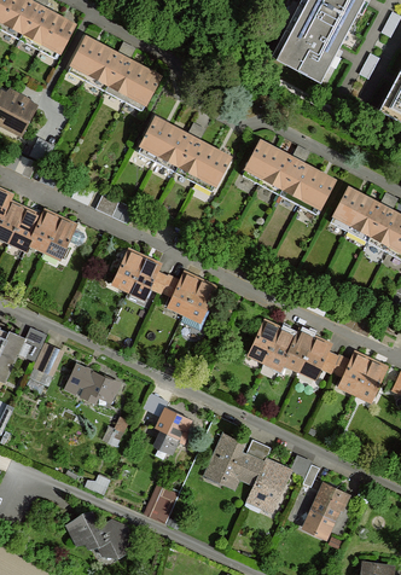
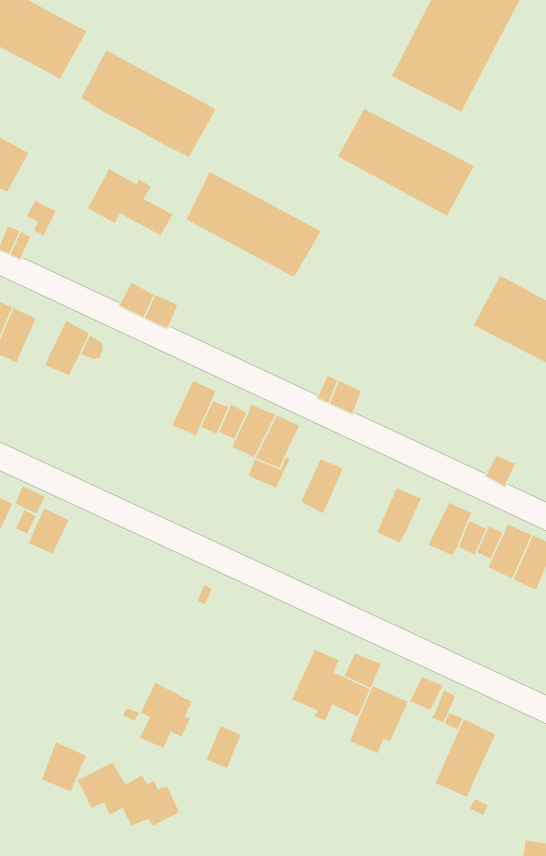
building: none -> [87,168,174,236]
building: [242,141,333,214] -> [337,108,475,217]
building: [29,210,59,248] -> none
building: [114,250,144,288] -> none
building: [250,321,279,359] -> [300,458,344,515]
building: [285,330,314,367] -> none
building: [65,365,120,401] -> none
building: [155,406,191,451] -> [138,682,193,749]
building: none -> [41,741,87,793]

